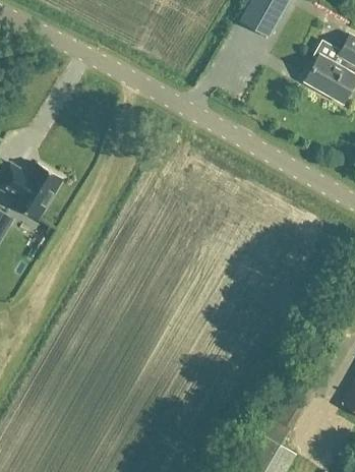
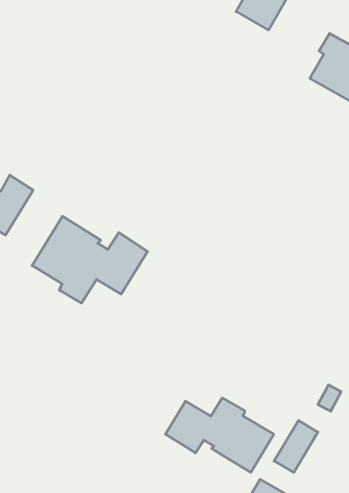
building: none -> [32,216,148,303]
building: none -> [165,398,274,472]

